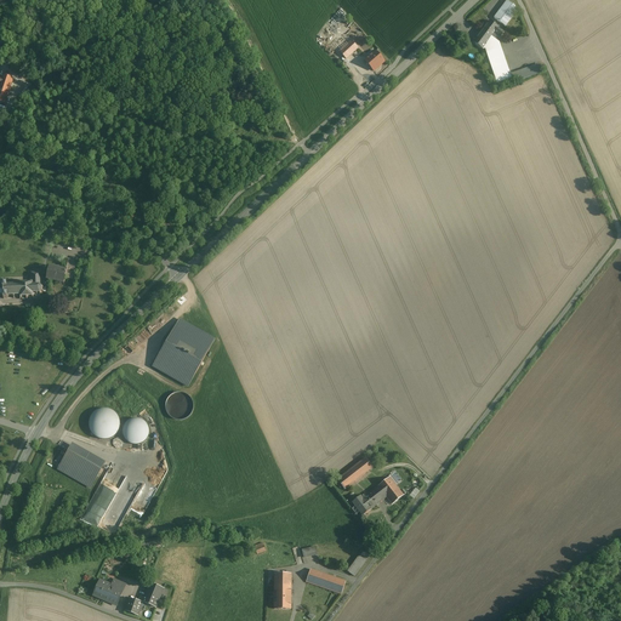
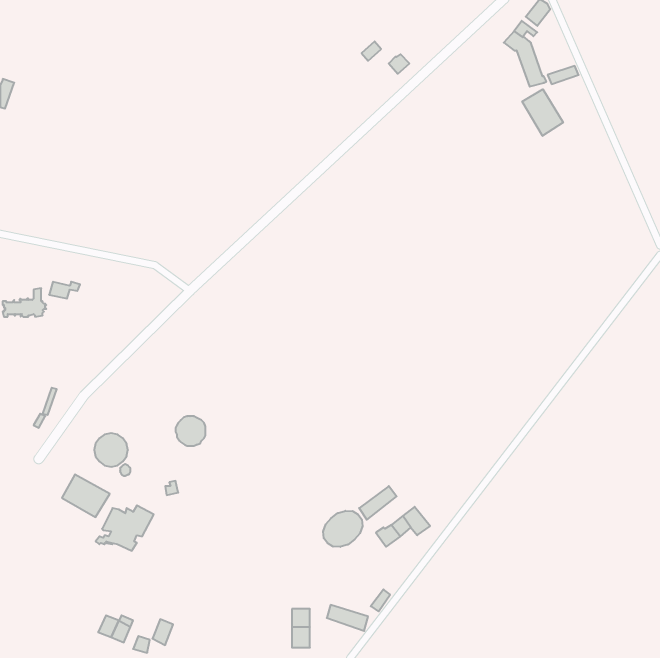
building: none -> [522,89,563,136]
building: [153,318,215,384] -> none
building: [123,416,149,443] -> none
building: none -> [323,511,362,547]

